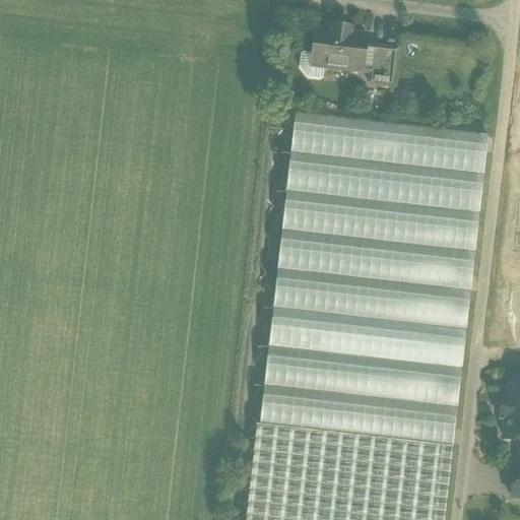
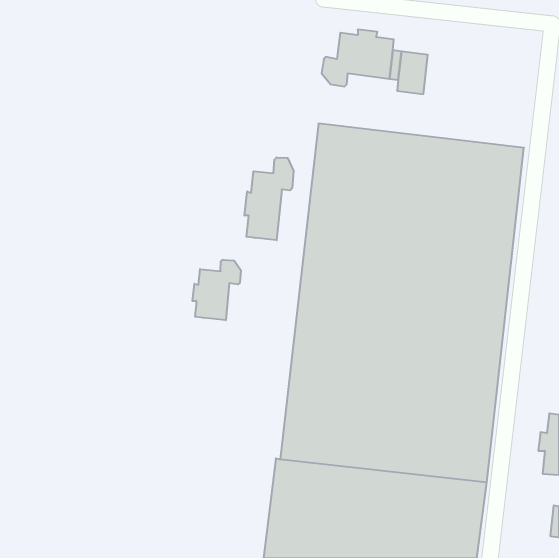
building: none -> [244,157,294,240]
building: none -> [192,260,241,320]

